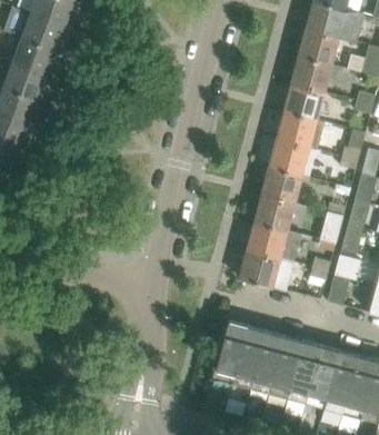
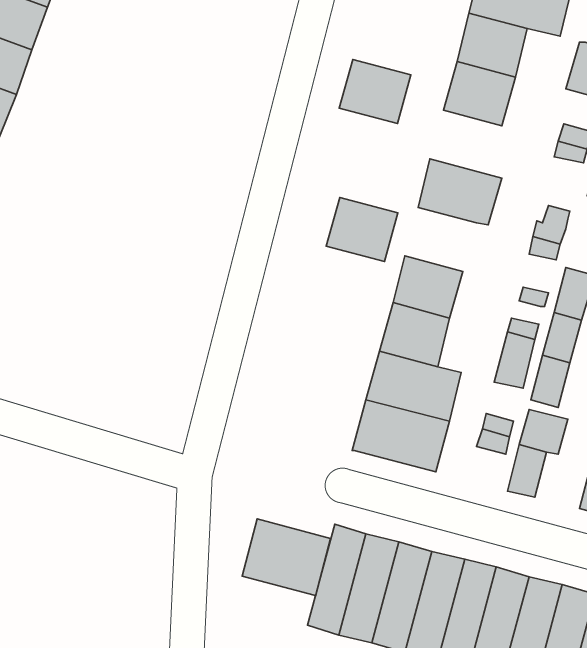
building: [282,83,323,120] -> [339,59,411,124]
building: [268,139,309,176] -> [326,197,398,262]
building: none -> [242,519,330,596]

